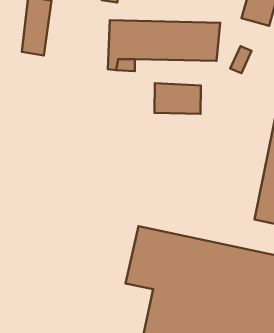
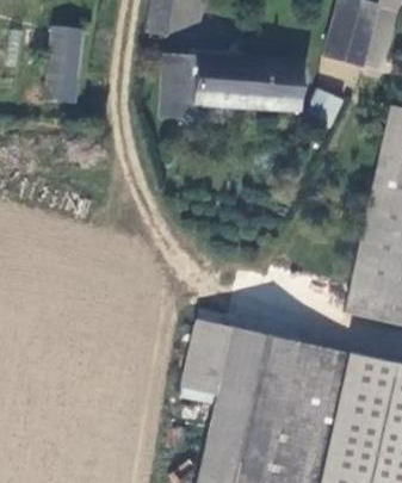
building: [154,83,201,114] -> none

